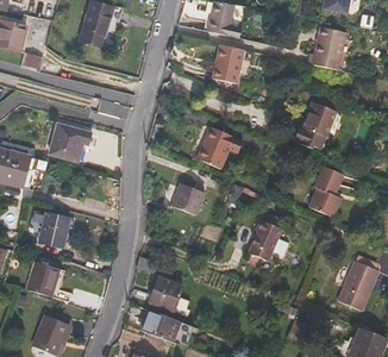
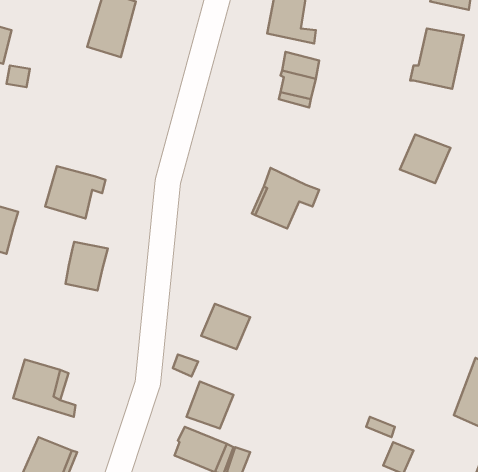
building: [308,165,343,217] -> none
building: [170,182,205,214] -> [201,304,250,349]
building: [39,212,69,246] -> [66,242,108,291]
building: [248,218,288,261] -> none

